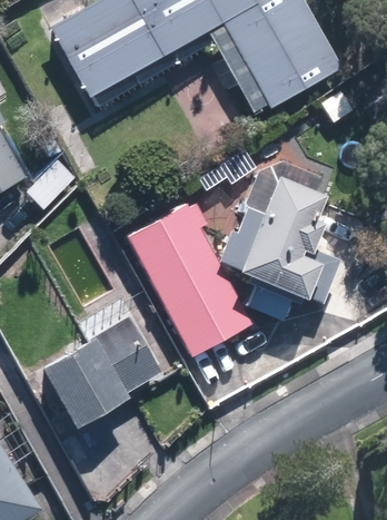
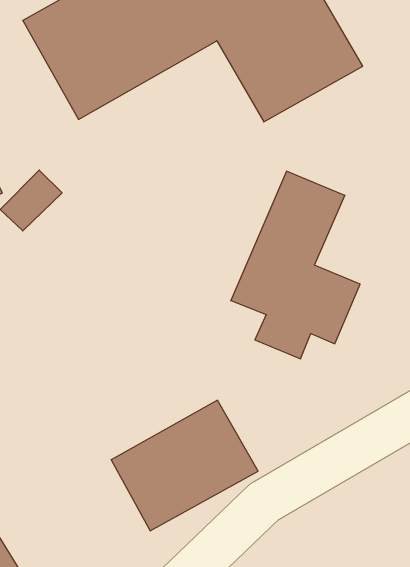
building: [125,197,252,356] -> none
building: [37,313,166,428] -> [111,400,258,531]

